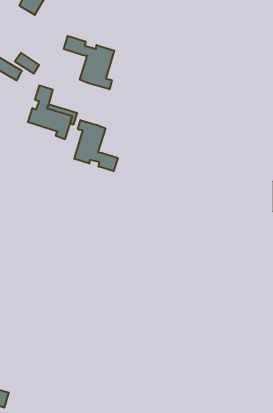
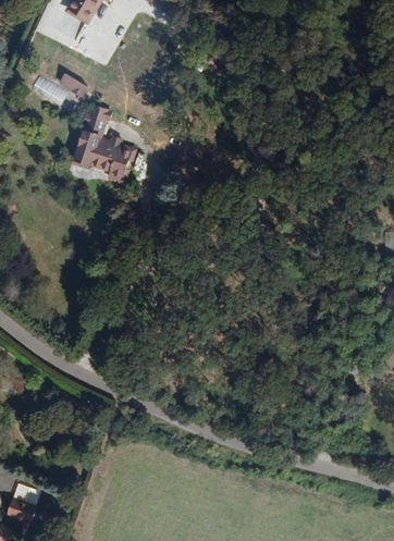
building: [64,36,114,89] -> none
building: [74,120,118,171] -> none

